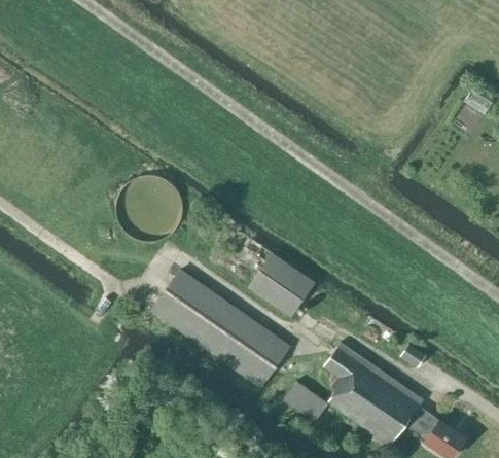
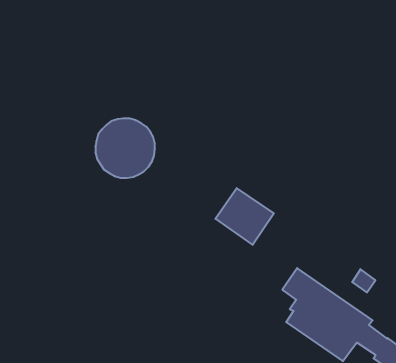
building: [152,270,289,387] -> none
building: [281,380,326,422] -> none

